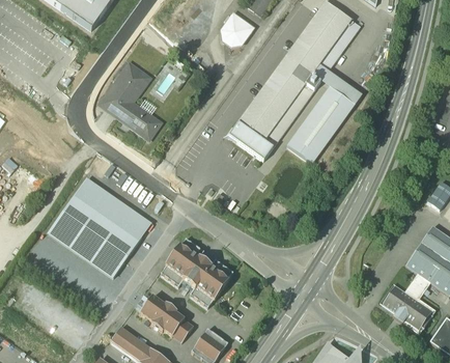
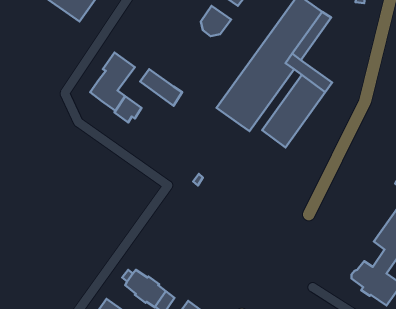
building: [228,121,273,161] -> [140,69,182,106]
building: [48,174,151,276] -> none
building: [160,238,232,307] -> none

